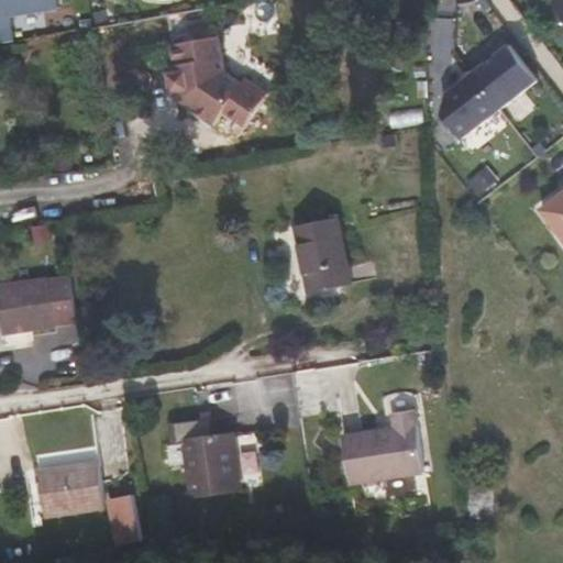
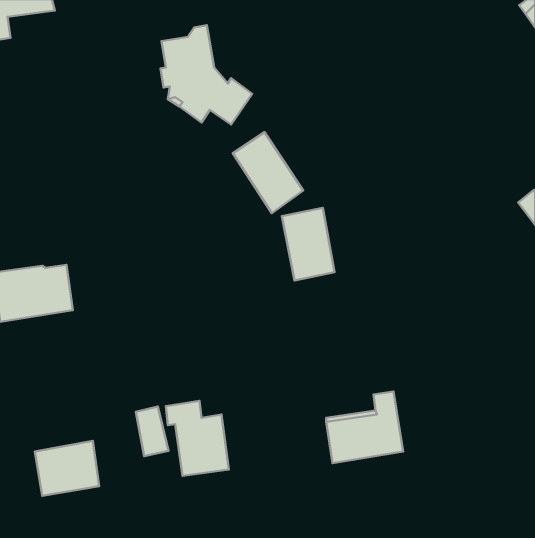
building: [442,46,536,141] -> none
building: none -> [233,132,303,213]
building: [108,493,142,544] -> [136,407,168,456]

